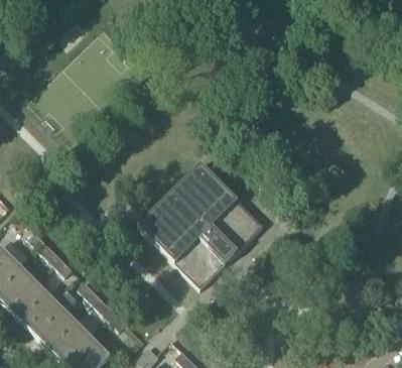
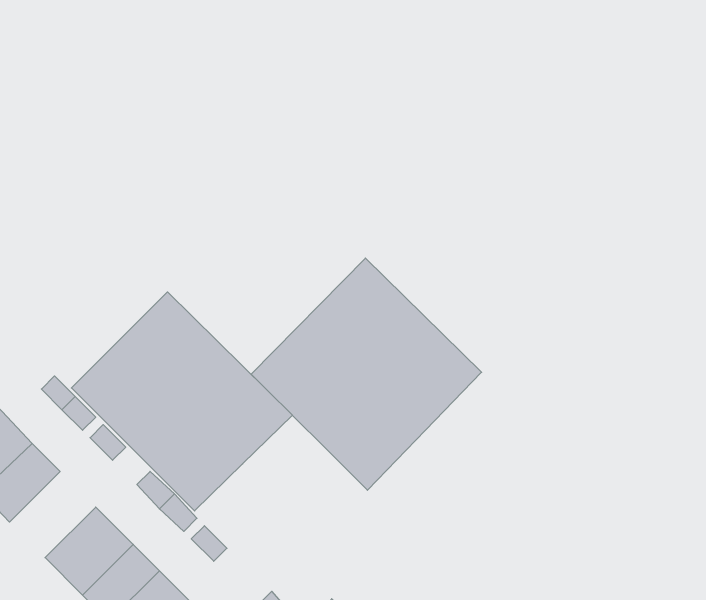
building: none -> [71,292,292,511]
building: [8,280,54,327] -> none

